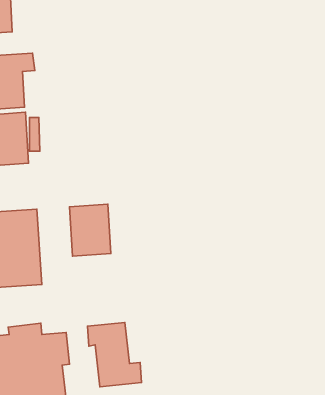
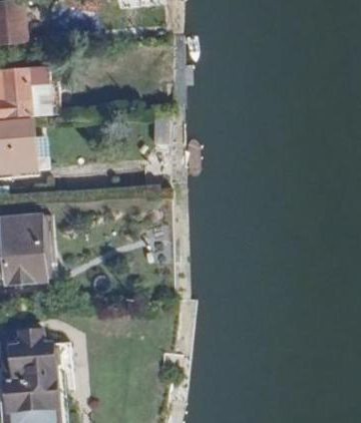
building: [70,204,111,256] -> none
building: [88,322,141,387] -> none

